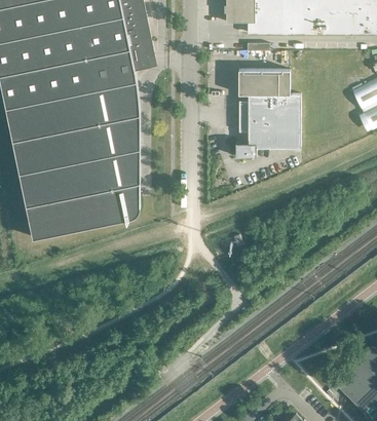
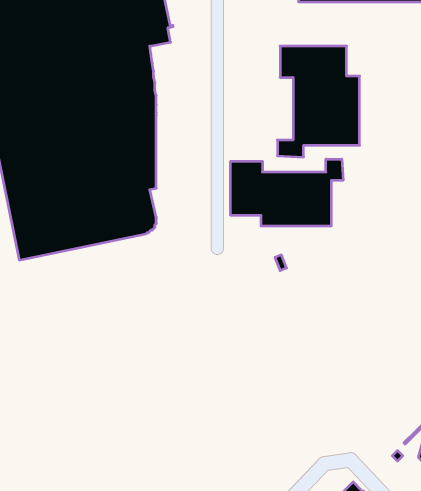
building: none -> [231,159,343,226]

